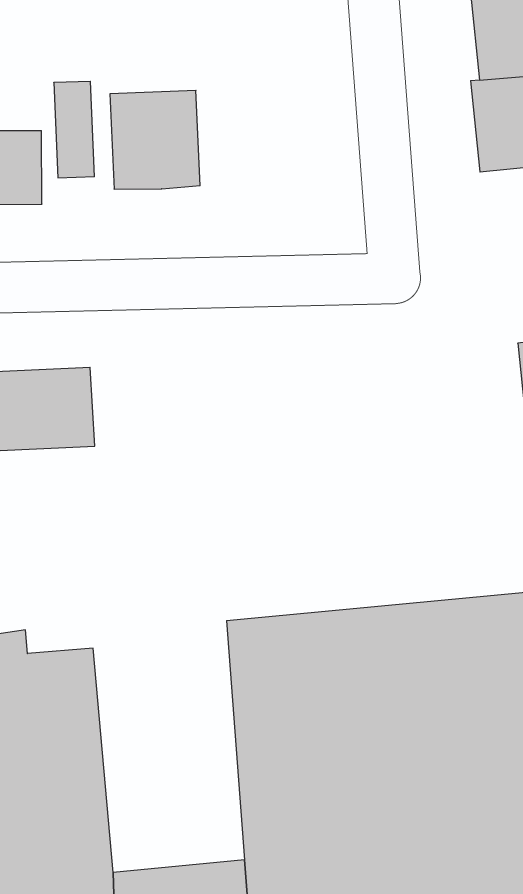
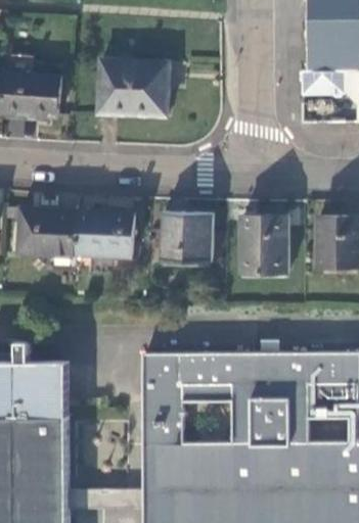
building: [54,81,94,178] -> [147,60,170,114]
building: none -> [240,215,287,271]
building: none -> [163,213,209,259]
building: none -> [77,209,133,255]

